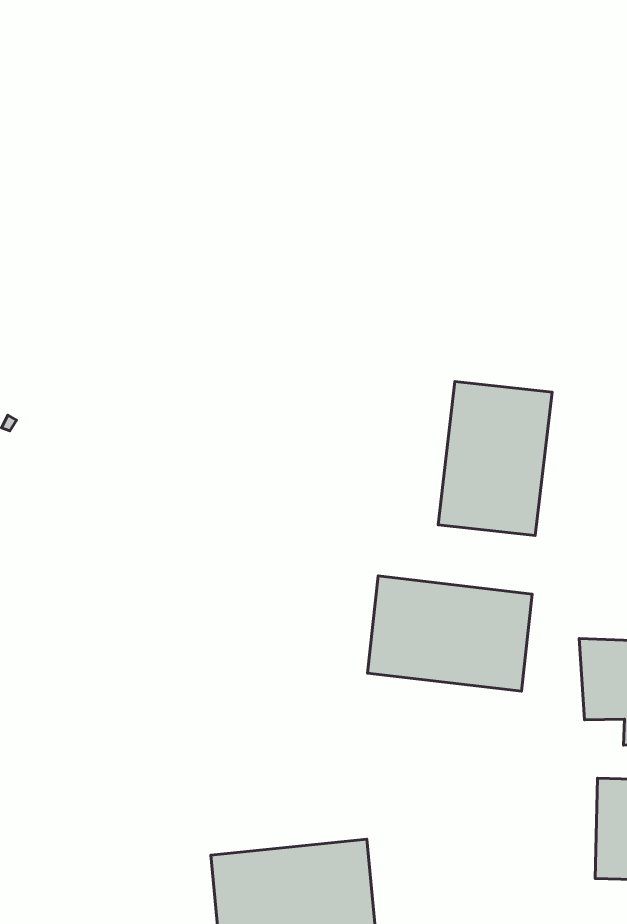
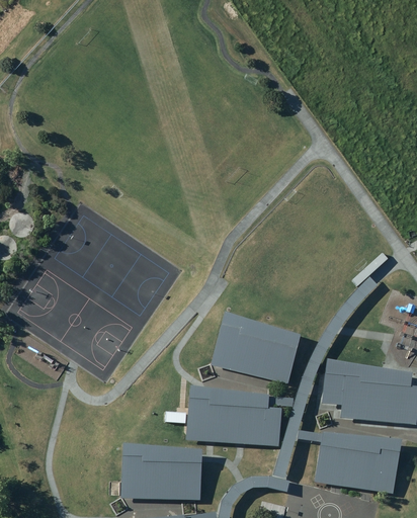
building: [438,381,552,536] -> none
building: none -> [186,390,281,445]

